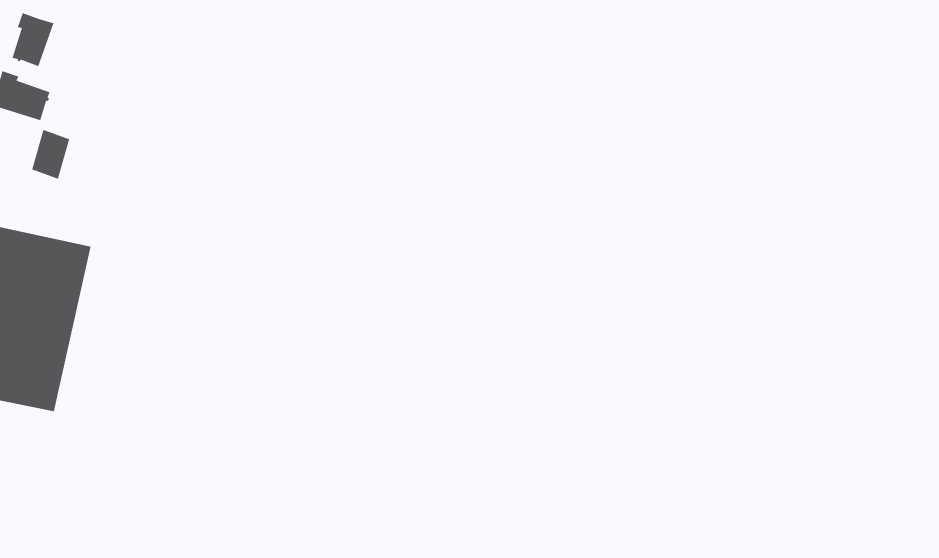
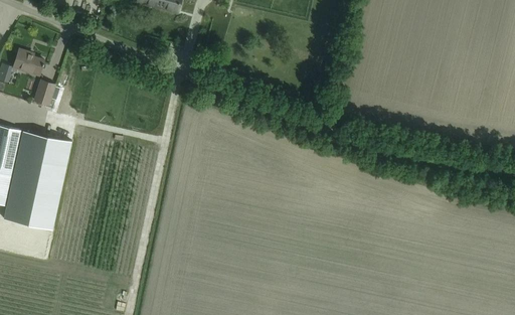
building: [12,12,55,67] -> none

